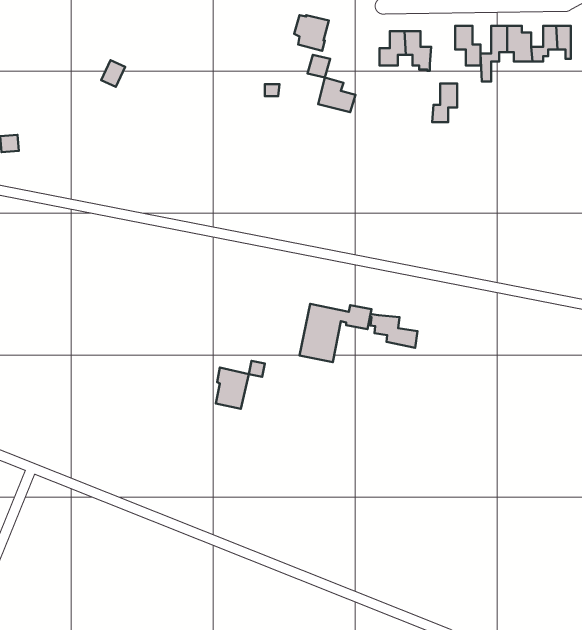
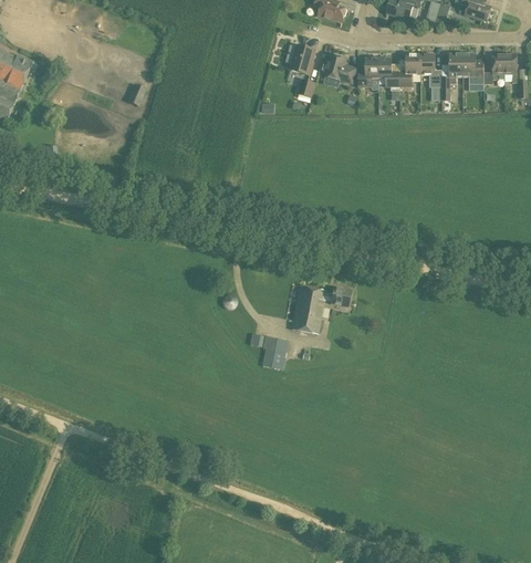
building: [318,78,355,112] -> [324,53,355,82]
building: [432,84,457,122] -> [398,53,419,85]
building: [370,314,417,348] -> none
building: [216,368,249,409] -> [260,334,288,368]

